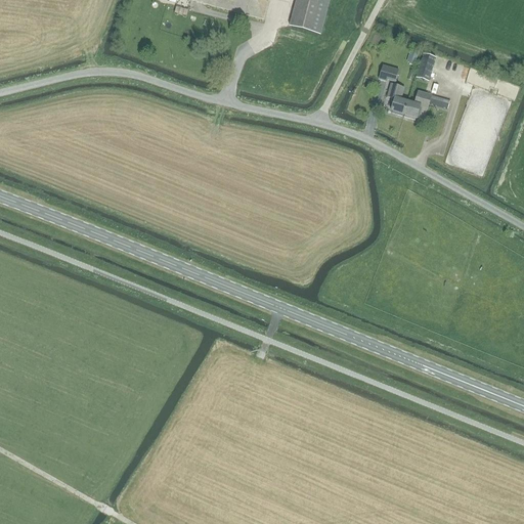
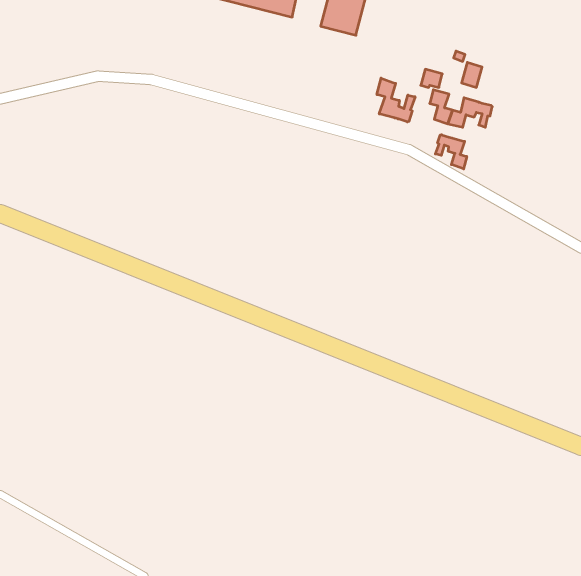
building: none -> [377,78,415,122]
building: none -> [435,135,467,169]

